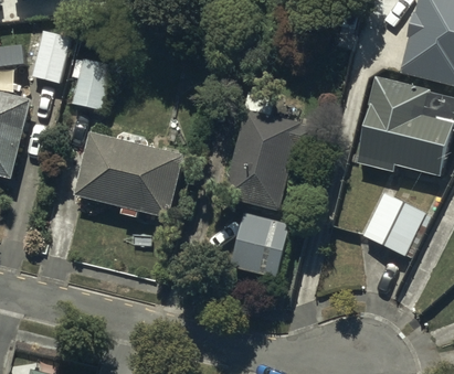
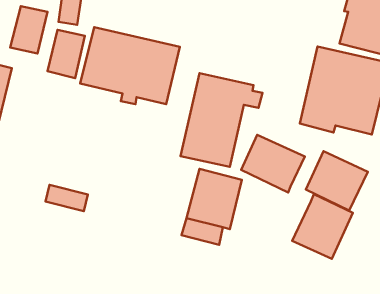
building: [77,131,189,217] -> [80,27,180,104]
building: none -> [241,135,305,192]
building: none -> [292,194,353,259]

